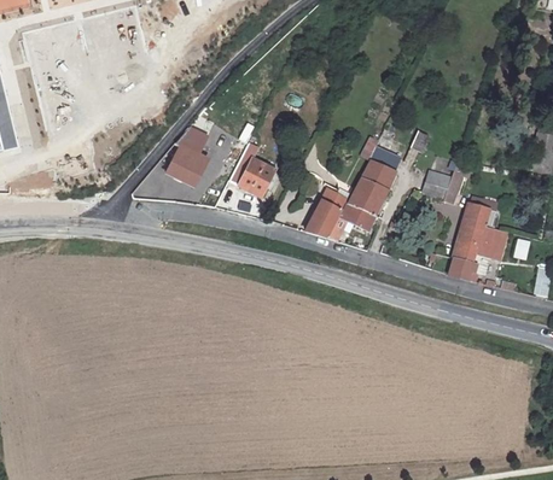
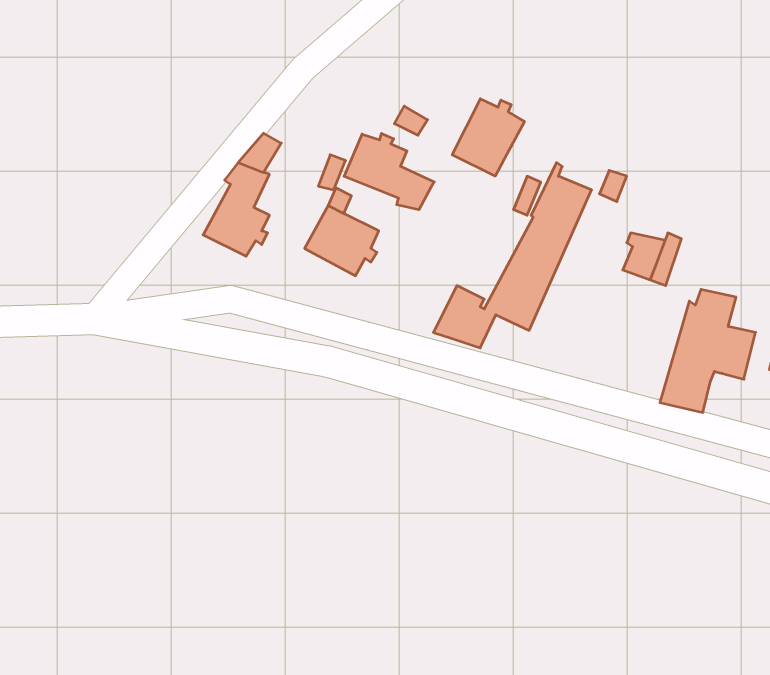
building: none -> [452,99,524,176]
building: none -> [344,133,434,210]

